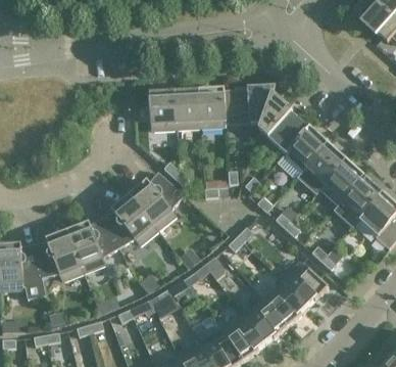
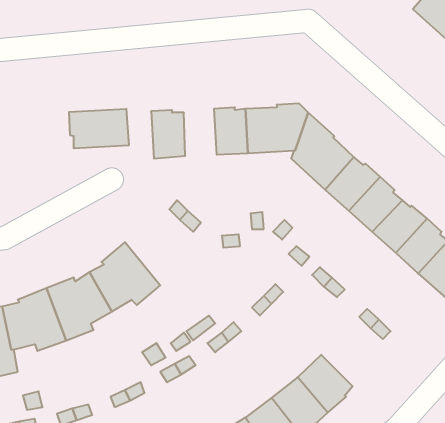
building: [175,90,200,127] -> none
building: none -> [69,109,129,148]
building: [129,172,183,228] -> none
building: [282,263,328,307] -> none

